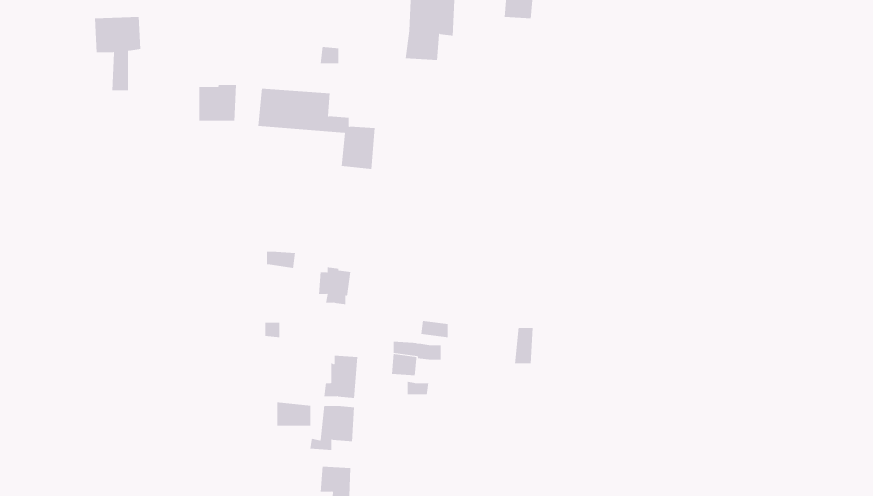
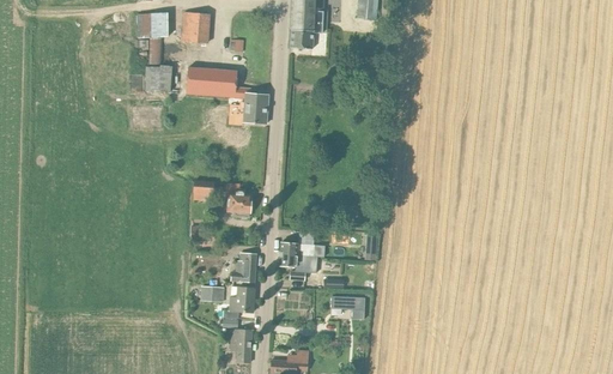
building: none -> [183,12,208,43]
building: [94,16,141,91] -> [136,12,169,64]
building: none -> [330,296,364,319]

